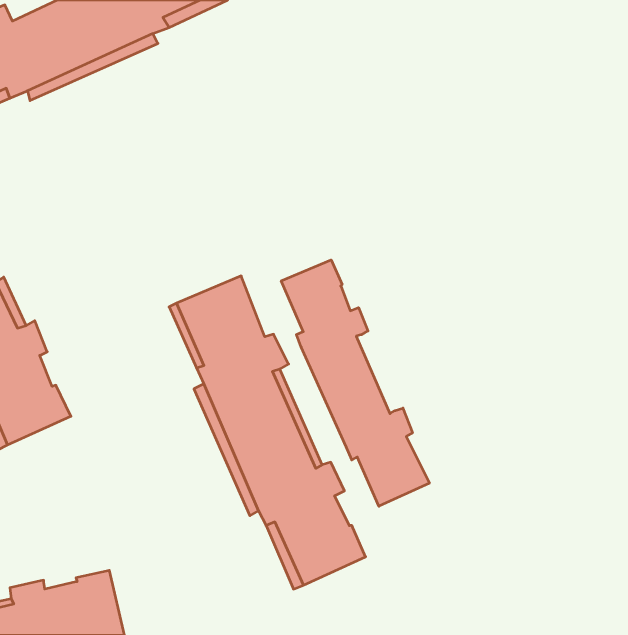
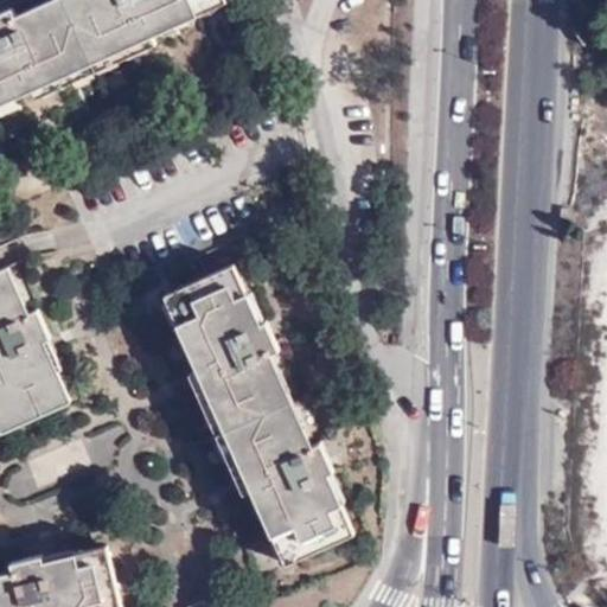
building: [281,260,429,506] -> none

